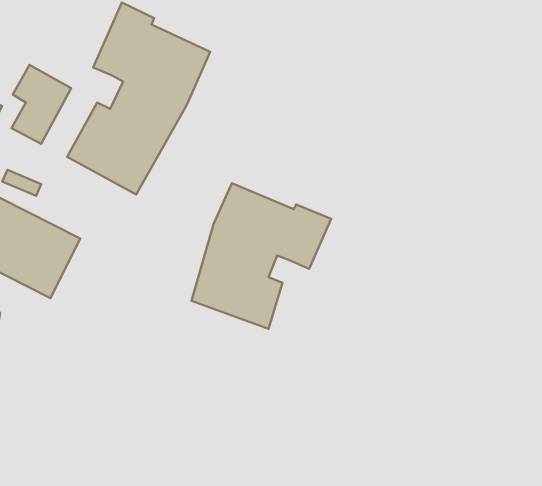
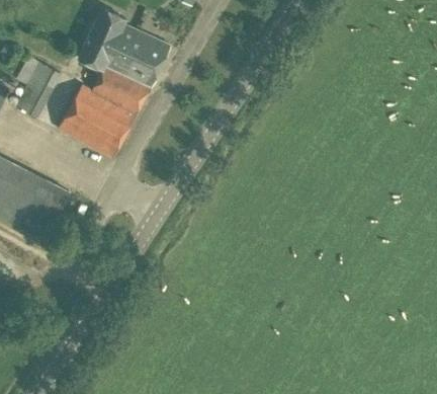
building: [192,183,331,329] -> none

